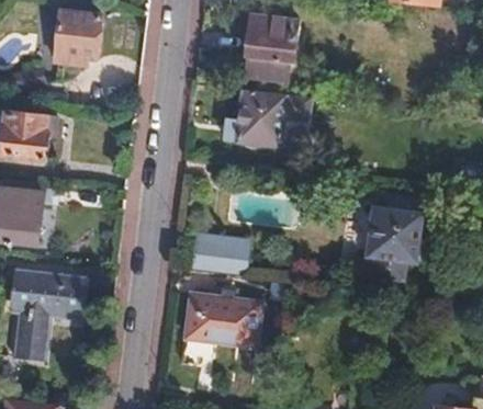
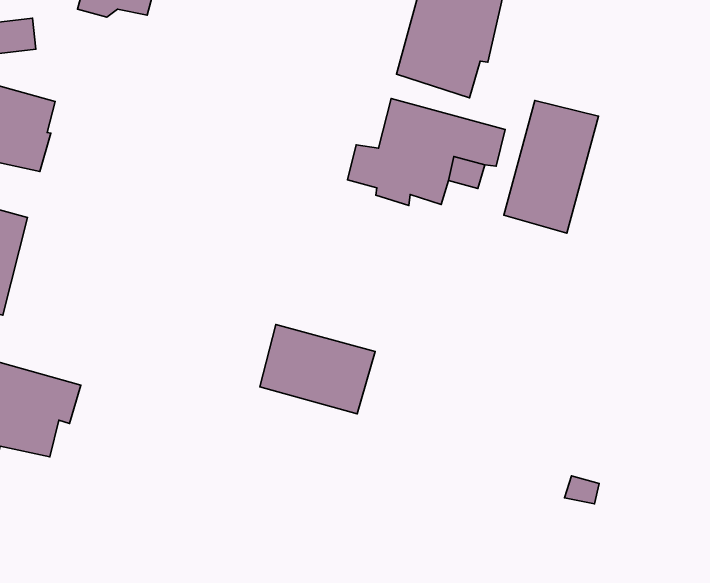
building: none -> [504,100,599,233]
building: [367,195,424,282] -> none
building: [184,291,261,346] -> none

